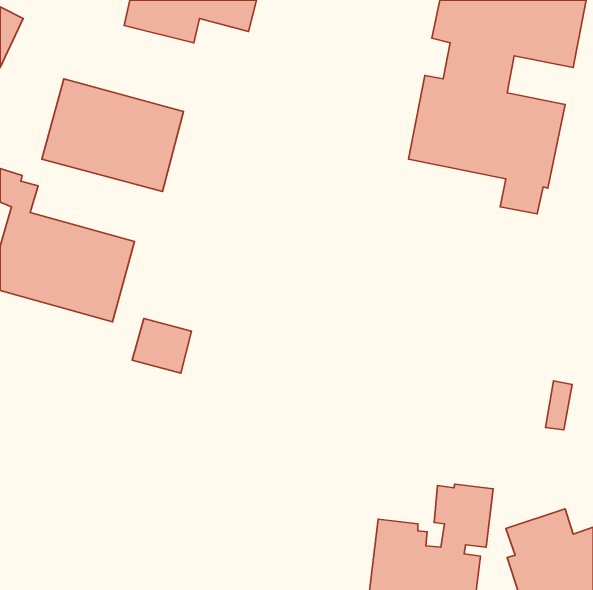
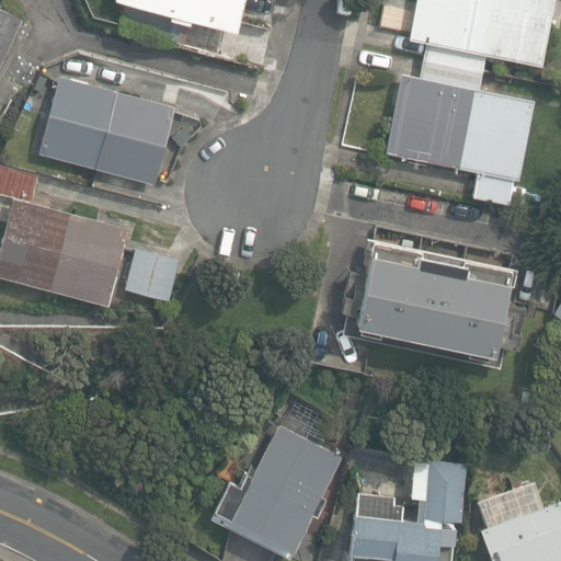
building: none -> [348,244,516,358]
building: [132,318,191,373] -> [124,250,180,301]
building: none -> [213,427,339,553]

